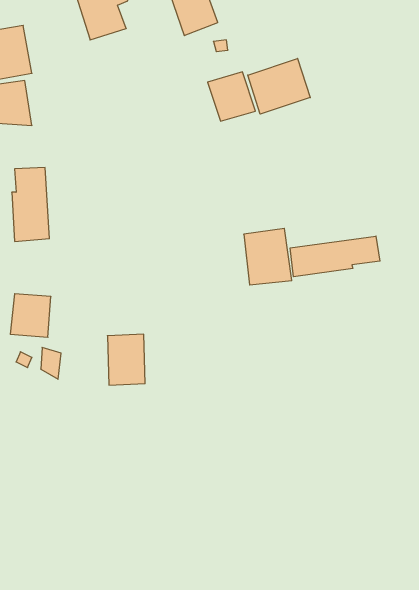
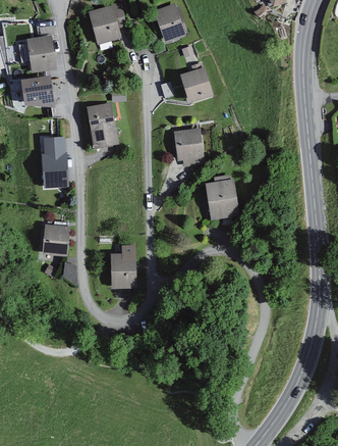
building: [248,58,310,114] -> none
building: none -> [86,101,117,147]
building: none -> [173,129,206,167]
building: [290,236,380,277] -> none

